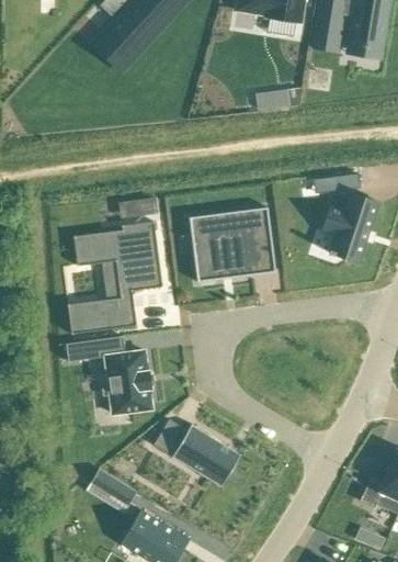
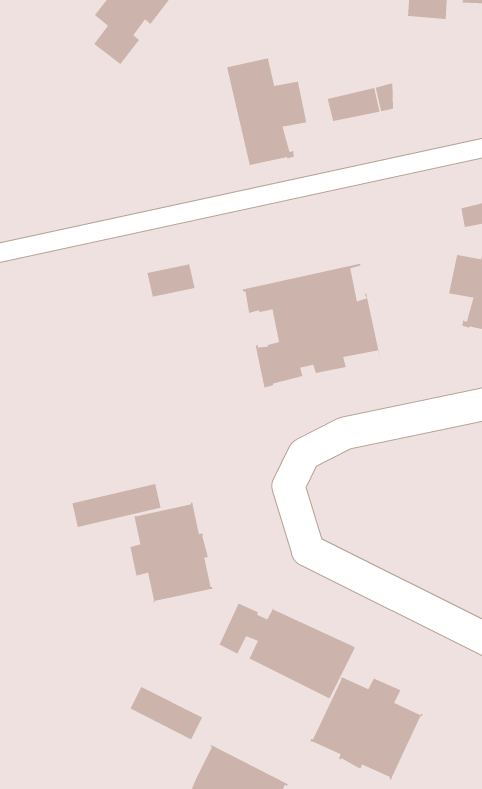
building: none -> [226,58,307,166]
building: [67,222,161,335] -> none
building: none -> [310,676,423,780]

